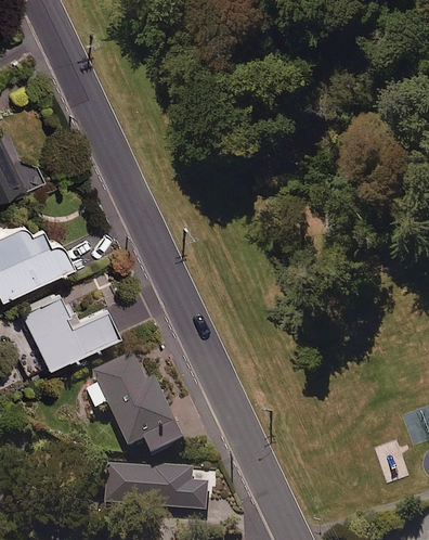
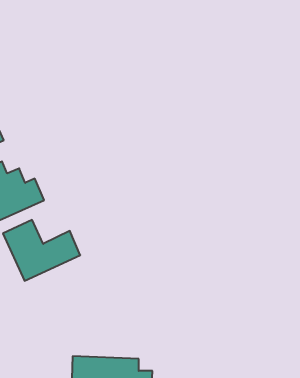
building: [88,356,188,460] -> none

